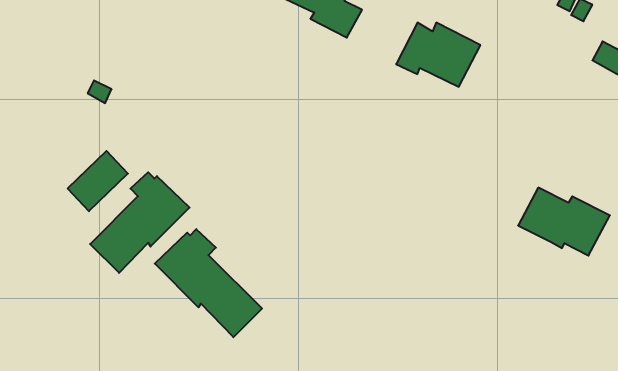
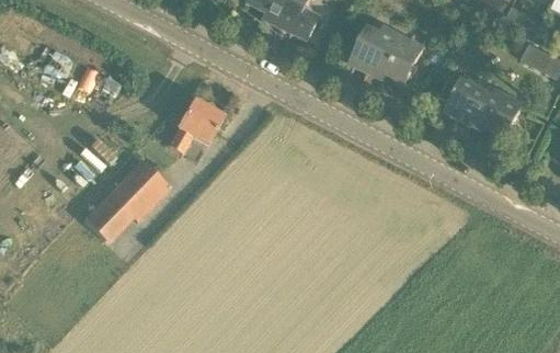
building: none -> [168,100,224,153]
building: [518,188,610,256] -> [444,77,524,136]
building: [155,229,262,337] -> none

